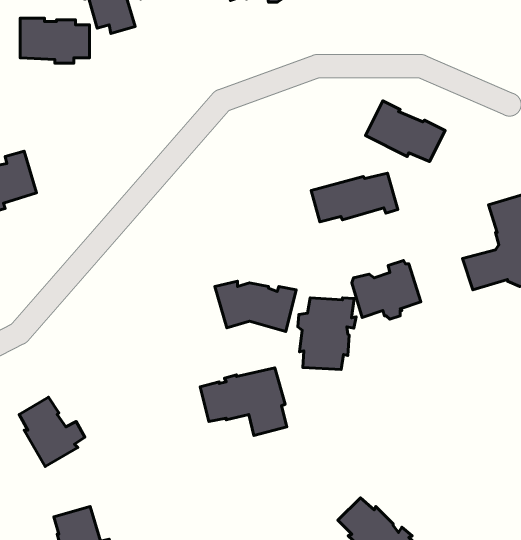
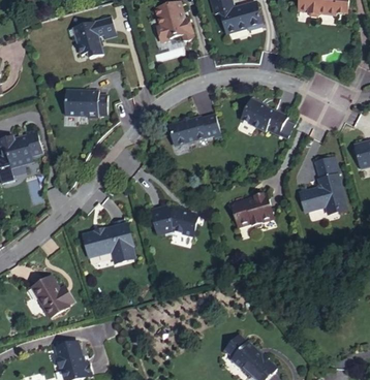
building: [20,18,90,63] -> [65,91,106,118]
building: [311,173,398,222] -> [168,115,220,144]
building: [298,298,356,370] -> none
building: [200,368,287,435] -> [83,224,134,264]

